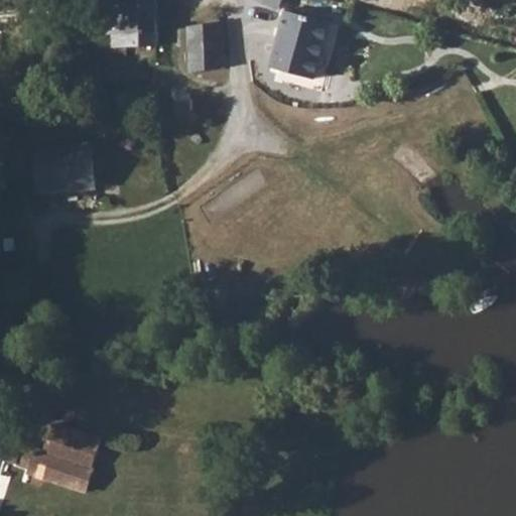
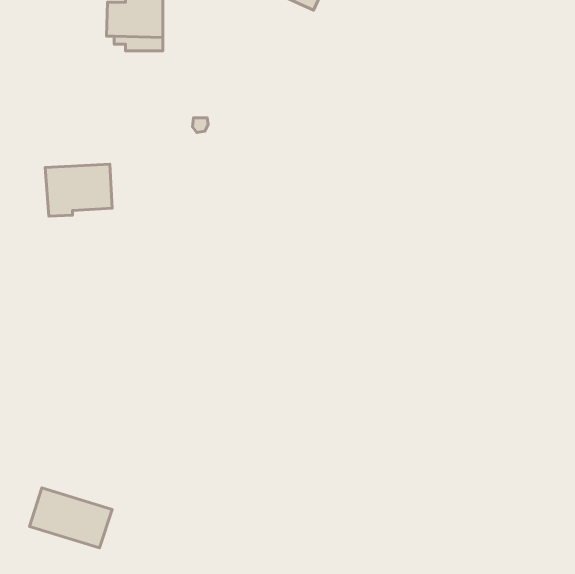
building: [267,14,328,83] -> none
building: [189,18,214,67] -> none

